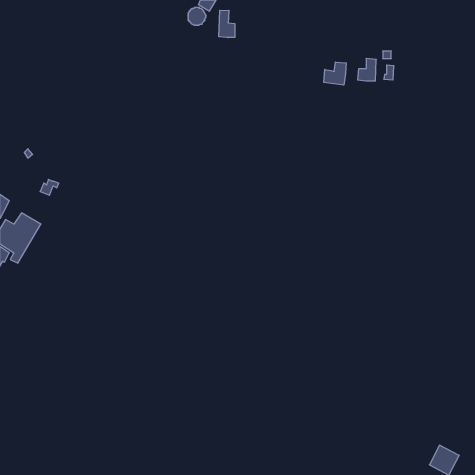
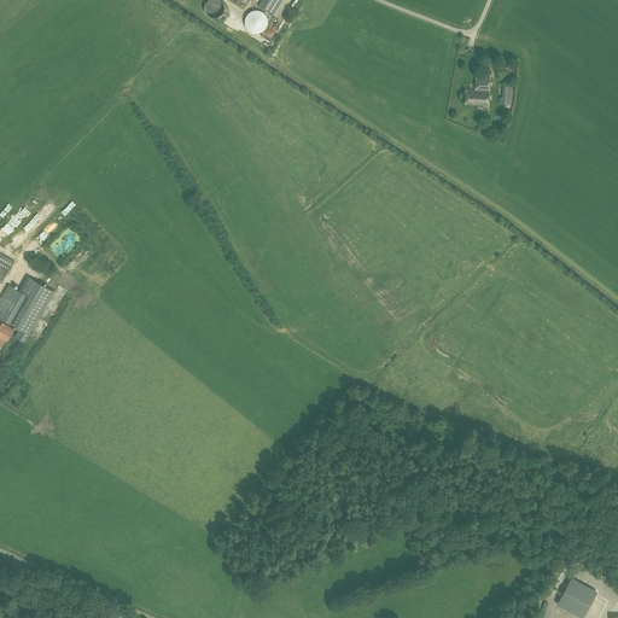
building: [219,10,235,38] -> none
building: [324,62,346,85] -> none

